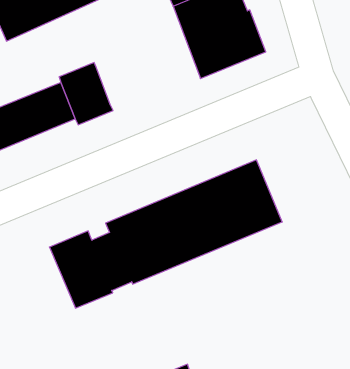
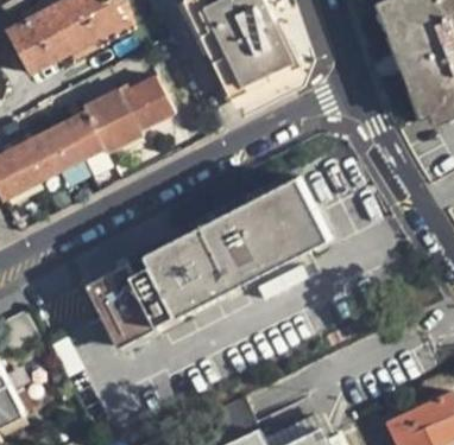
building: none -> [121,76,175,132]

